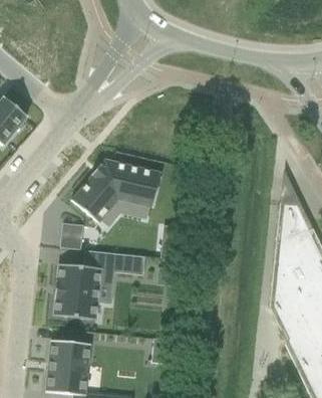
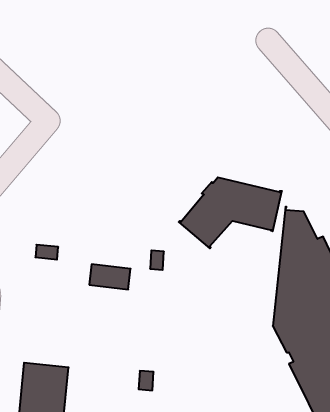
building: [71,161,162,223] -> [179,177,282,248]
building: [53,264,101,321] -> none

